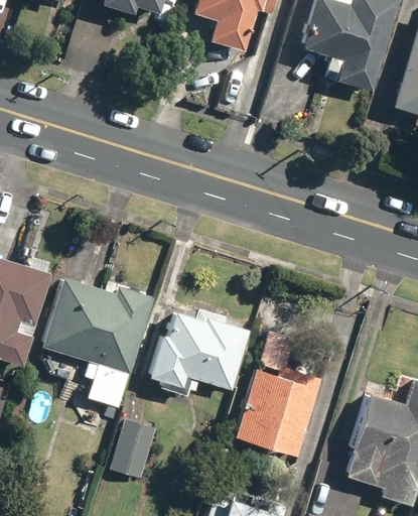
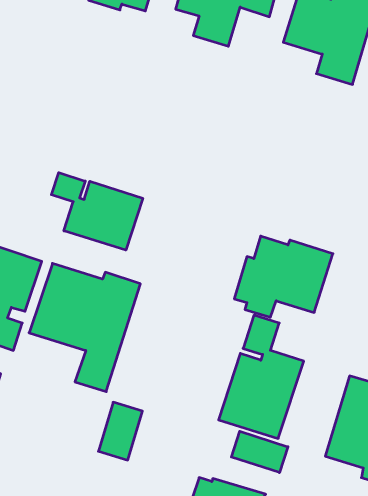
building: none -> [51,173,143,250]
building: [148,311,250,395] -> [234,236,333,317]
building: none -> [231,431,288,473]

